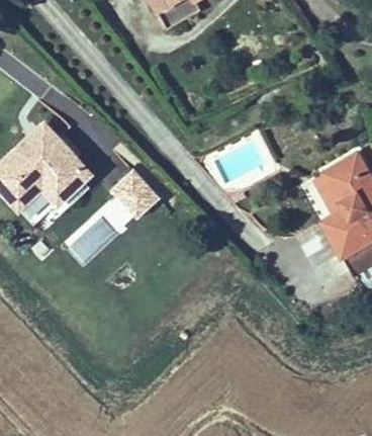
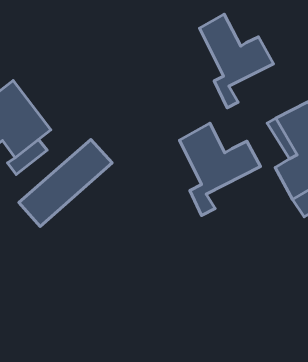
building: none -> [199,14,273,108]
building: none -> [180,123,261,216]

